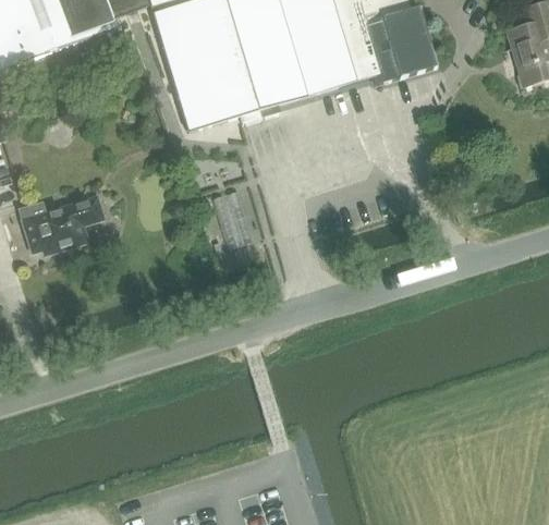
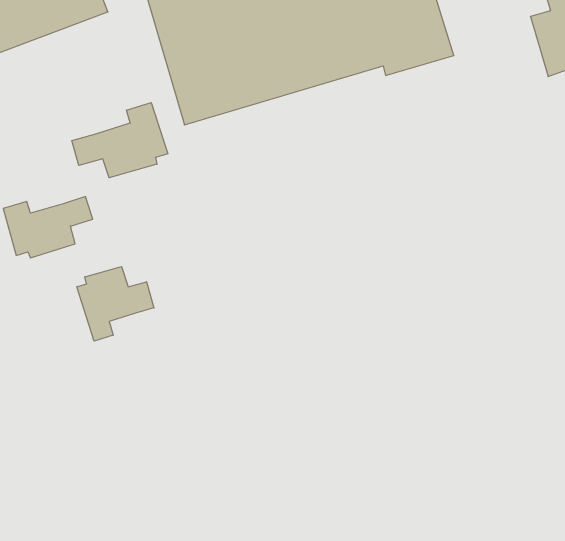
building: none -> [72,103,168,178]
building: none -> [77,267,154,341]

